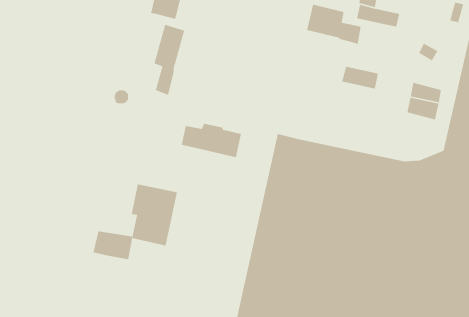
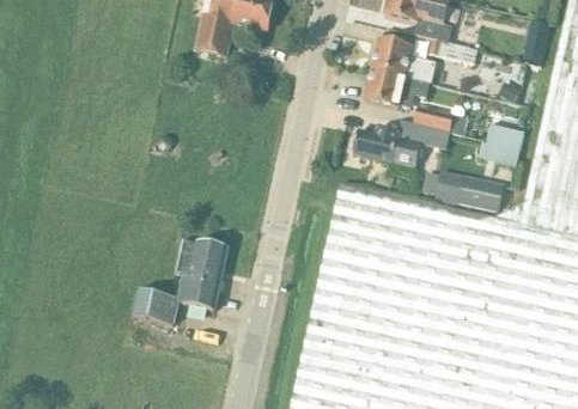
building: [154,24,185,96] -> none
building: none -> [364,68,428,108]
building: none -> [433,170,509,212]
building: [181,123,242,158] -> [352,128,420,167]

